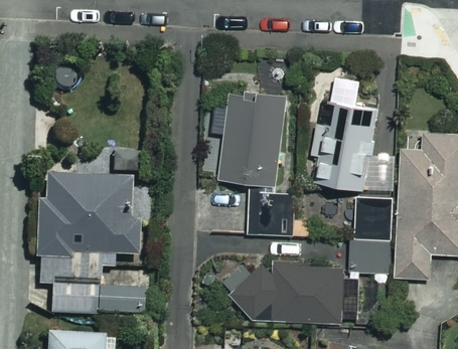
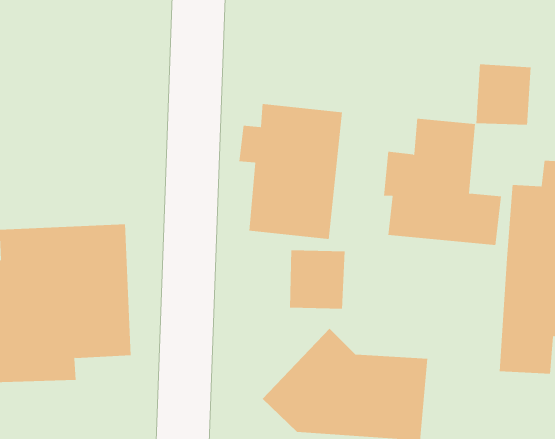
building: none -> [476,64,531,126]
building: [350,196,399,278] -> none
building: [51,287,144,316] -> none

